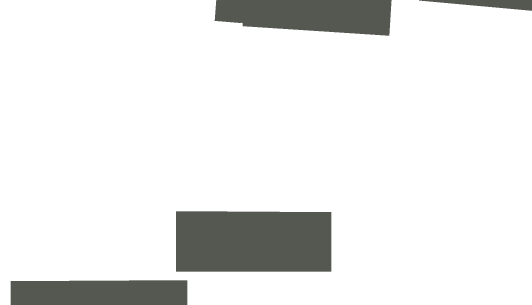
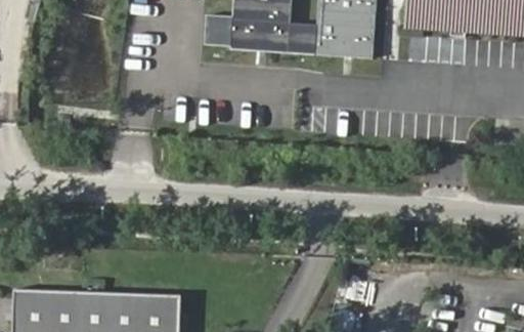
building: [175,210,332,272] -> none

